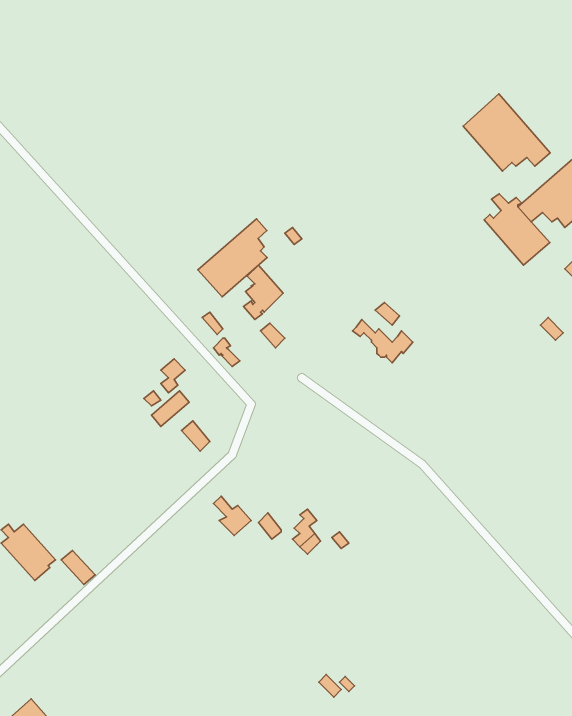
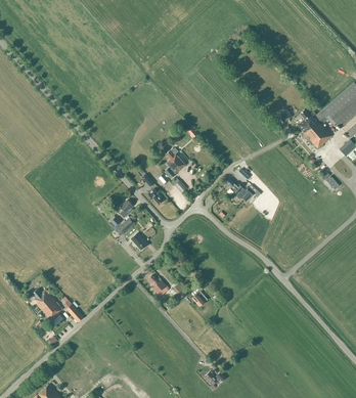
building: [463,94,550,171] -> none
building: [198,219,267,297] -> none

